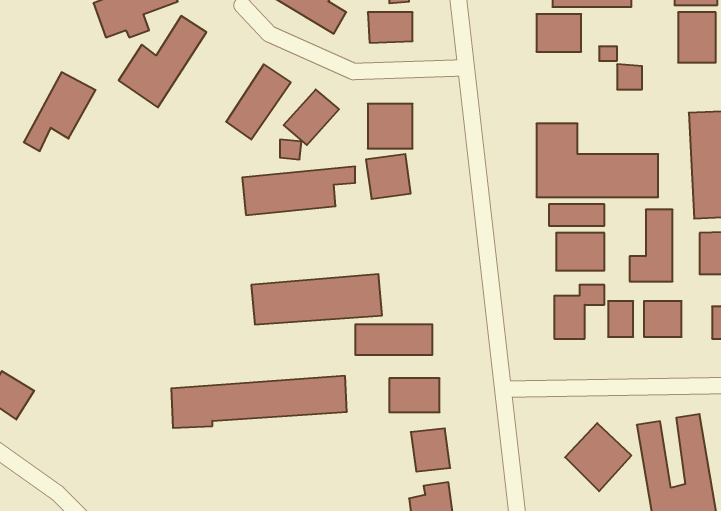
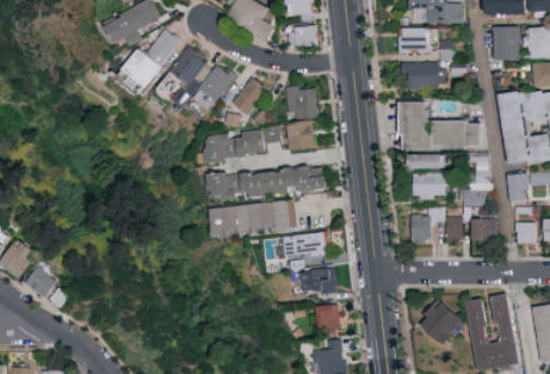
building: none -> [402,63,441,88]
building: [24,72,96,151] -> [159,45,206,98]
building: [171,376,347,428] -> [208,166,325,201]

